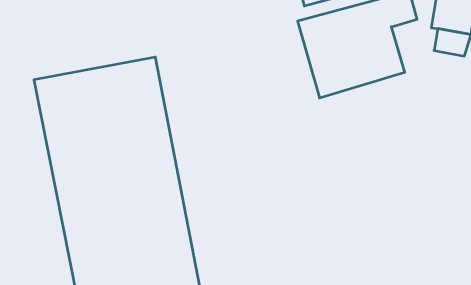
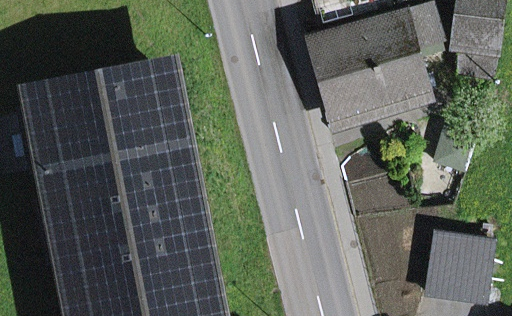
building: none -> [427,231,492,299]

